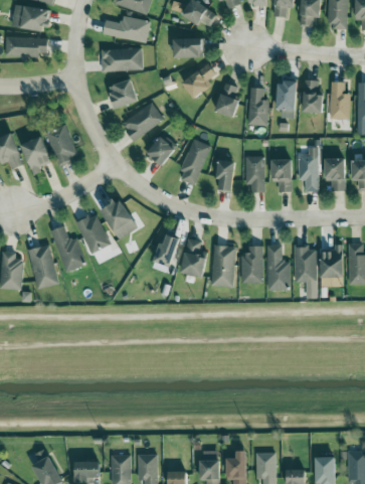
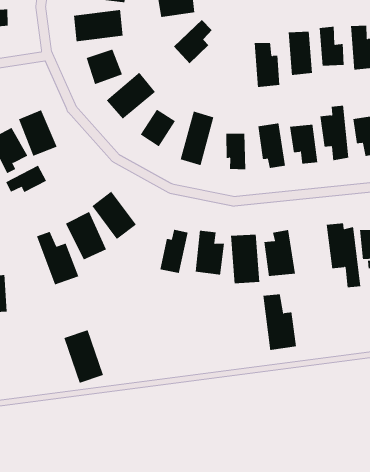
building: [216,83,238,118] -> none
building: none -> [6,165,47,193]
building: [28,245,58,289] -> [64,329,104,384]
building: [266,245,291,291] -> [263,294,297,351]

